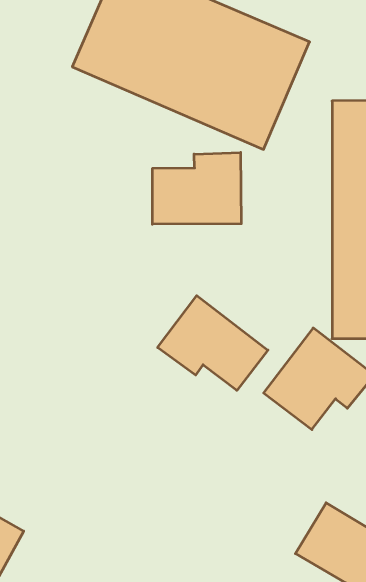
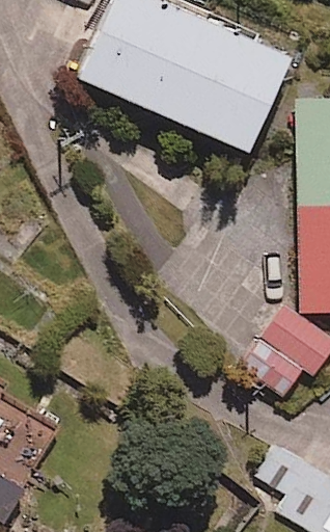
building: [152,152,241,224] -> none
building: [158,296,268,390] -> none

